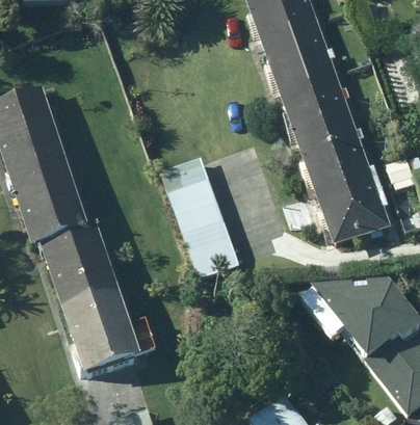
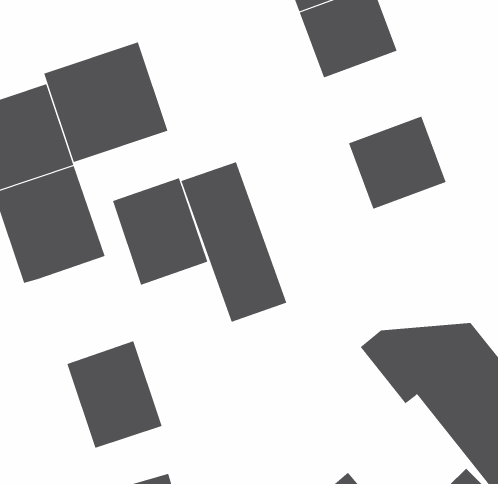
building: none -> [44,41,168,163]
building: [272,61,351,135] -> none
building: [312,166,391,241] -> none
building: [44,225,121,312] -> [112,178,208,285]

